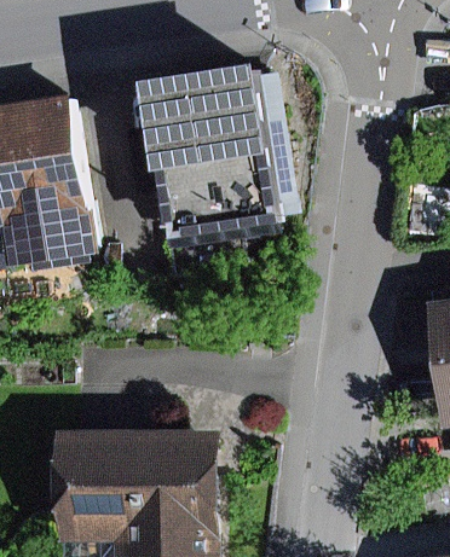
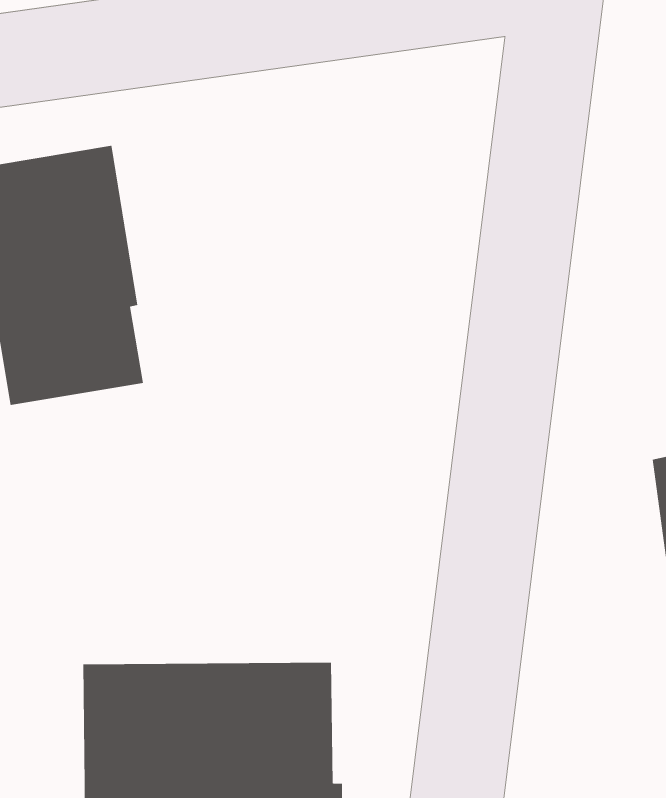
building: [152,76,288,238] -> none

